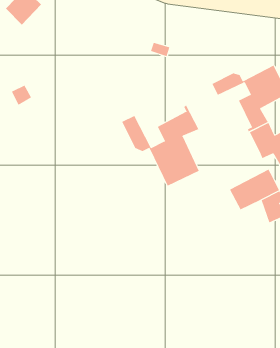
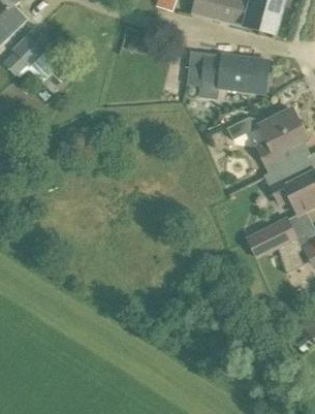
building: none -> [187,51,269,97]
building: [122,104,200,187] -> none

